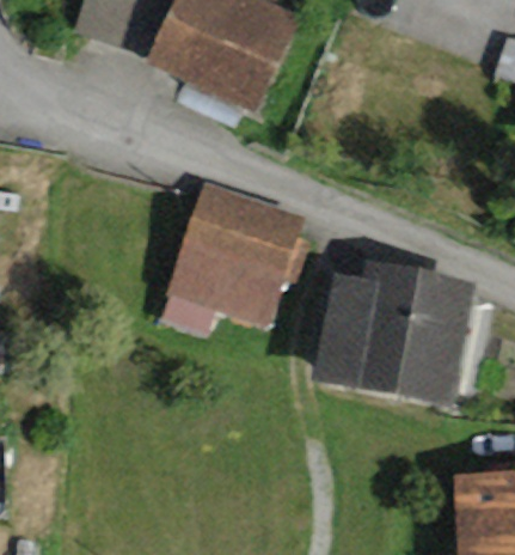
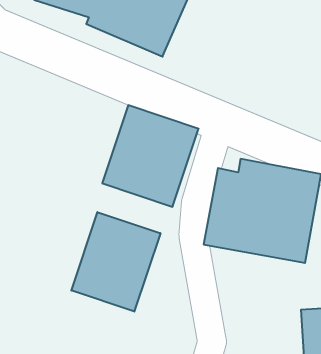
building: none -> [71,212,160,312]

